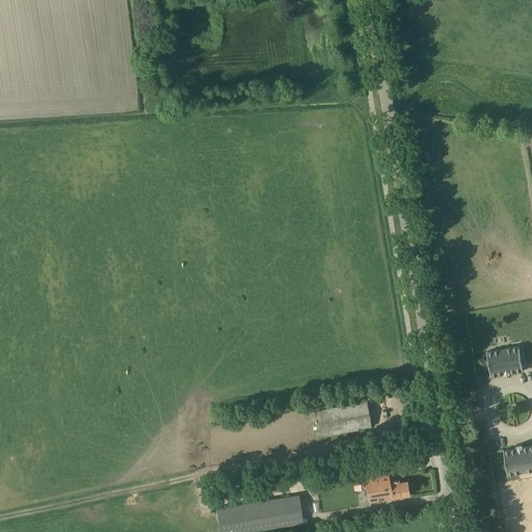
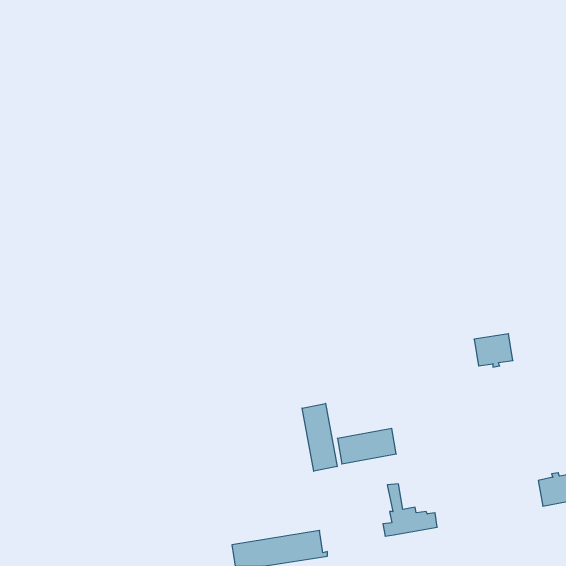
building: [488,345,525,376] -> [474,334,513,367]
building: none -> [302,403,337,471]

